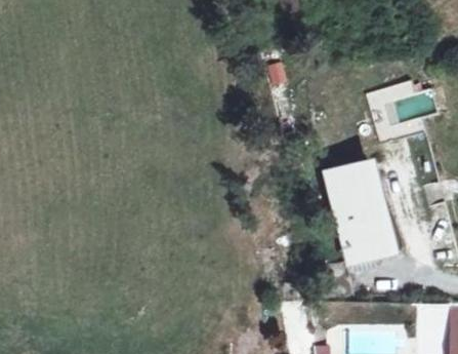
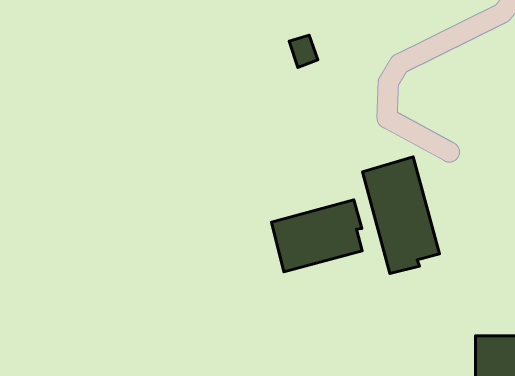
building: none -> [271,200,362,272]

